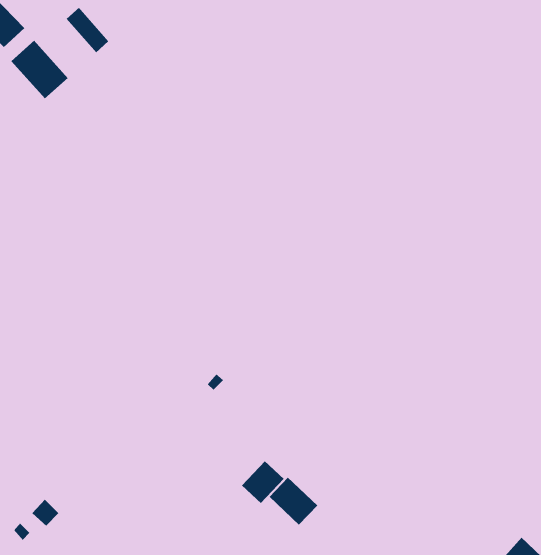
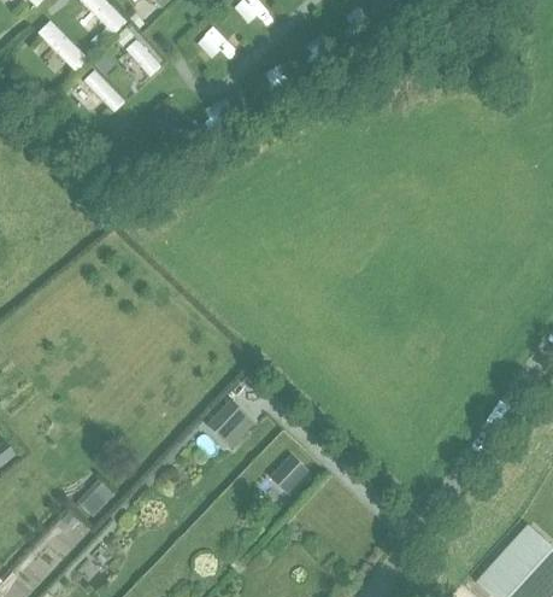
building: none -> [208,397,257,446]
building: [269,477,318,525] -> none

